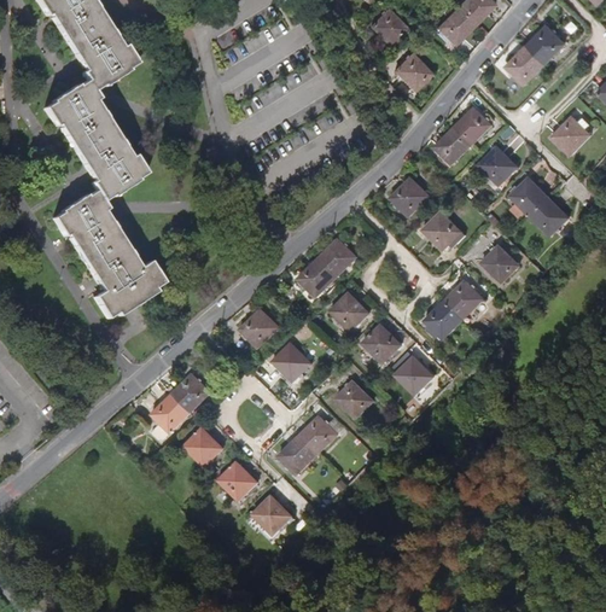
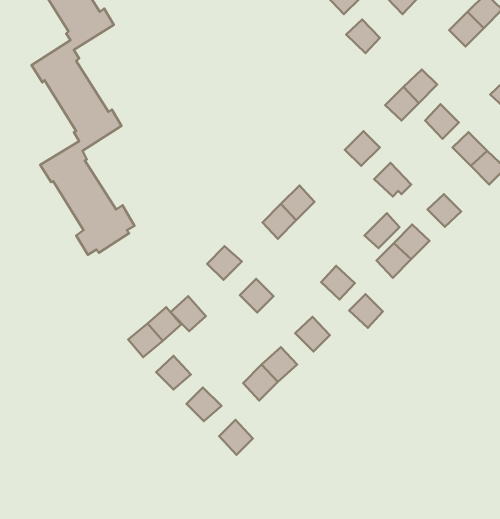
building: none -> [364,213,400,248]
building: [332,293,371,332] -> none
building: none -> [170,296,206,331]

